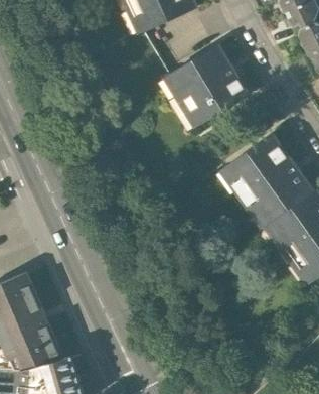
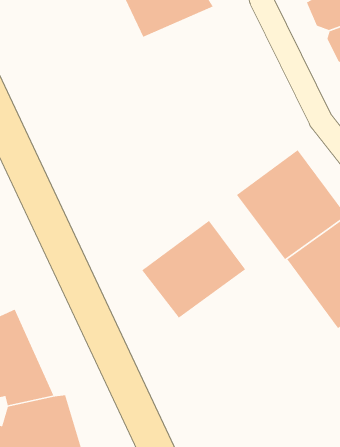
building: [162,43,250,129] -> none
building: none -> [141,220,246,319]

